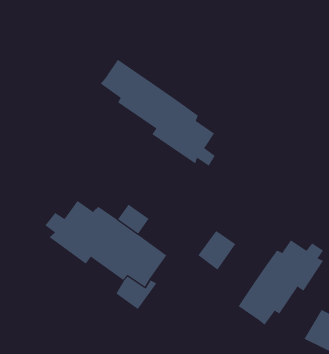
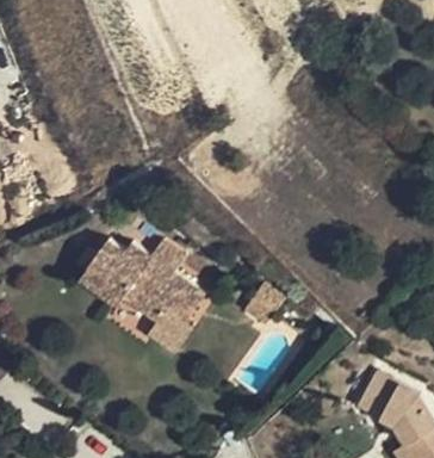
building: [100,59,215,167] -> none
building: [238,239,324,326] -> none

